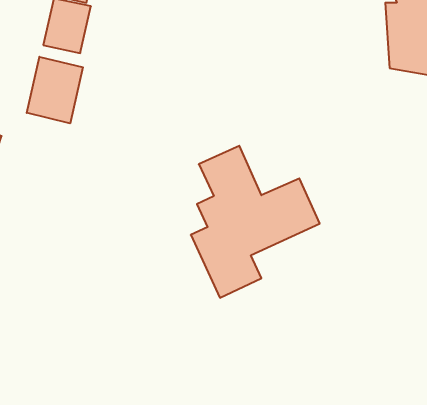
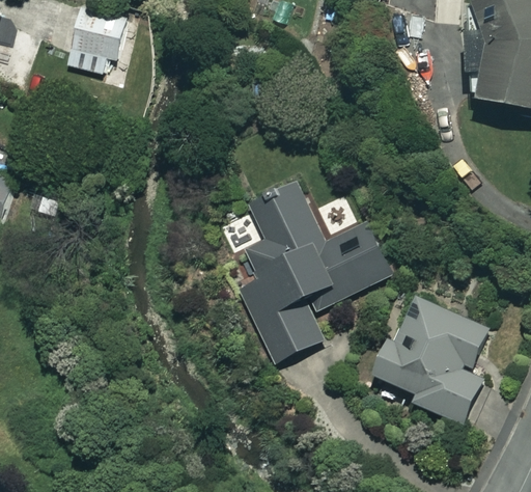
building: [27,57,83,123] -> none
building: none -> [373,294,488,422]

